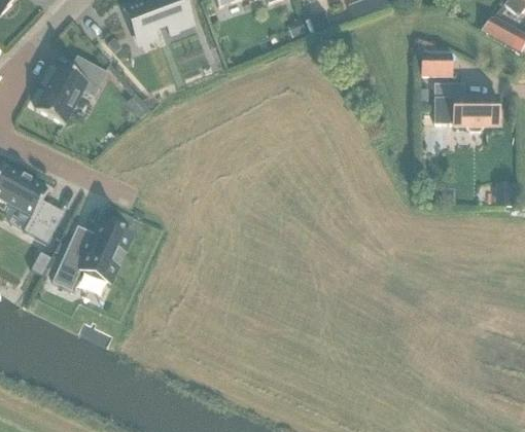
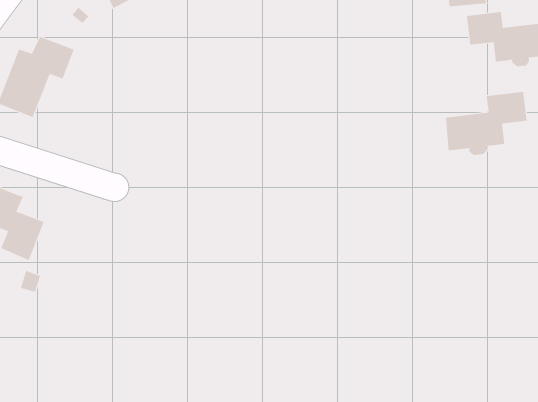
building: none -> [445,91,527,156]
building: [52,222,132,291] -> none

